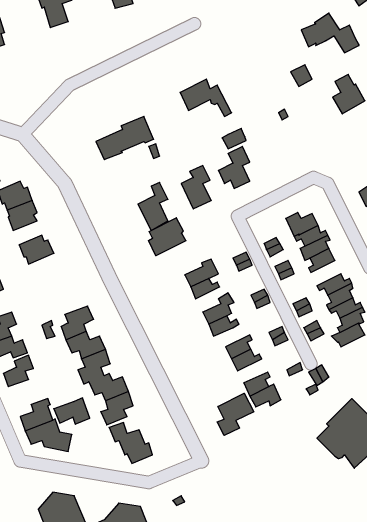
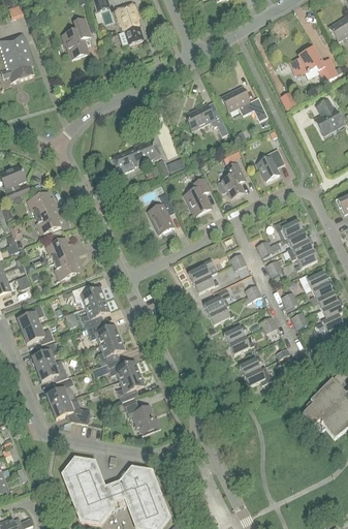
building: none -> [221,86,267,120]
building: none -> [257,148,285,180]
building: [149,218,186,256] -> none
building: none -> [54,253,80,280]
building: none -> [64,283,104,306]
building: [217,393,254,435] -> none
building: [54,398,90,424] -> [36,359,67,381]

